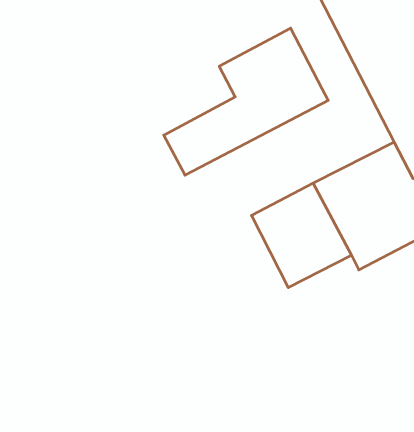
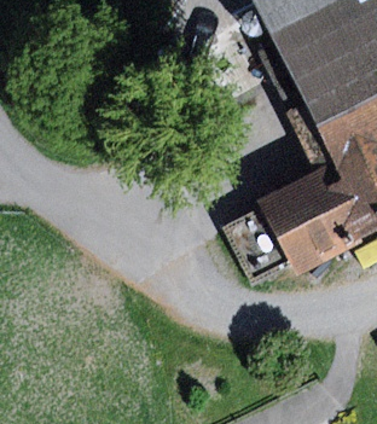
building: [164,28,328,175] -> none

